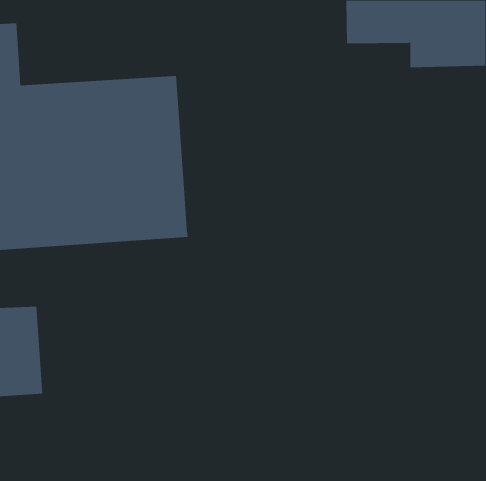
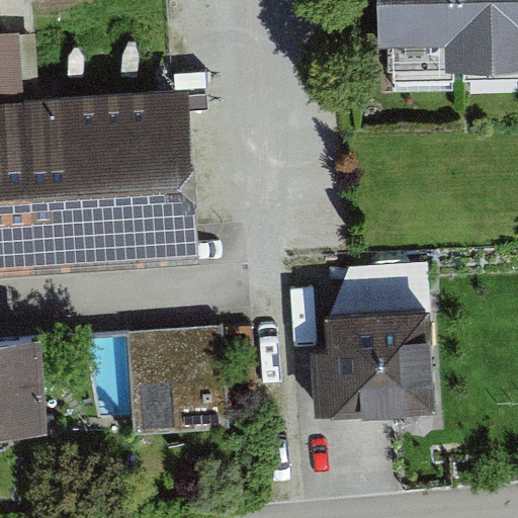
building: none -> [309,303,435,414]
building: none -> [127,330,227,439]

